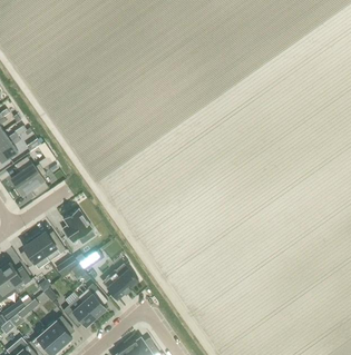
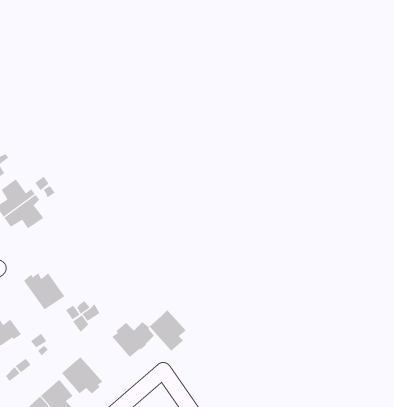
building: [61,209,92,244] -> none
building: [20,238,49,269] -> none
building: [78,285,108,318] -> [149,310,187,352]

